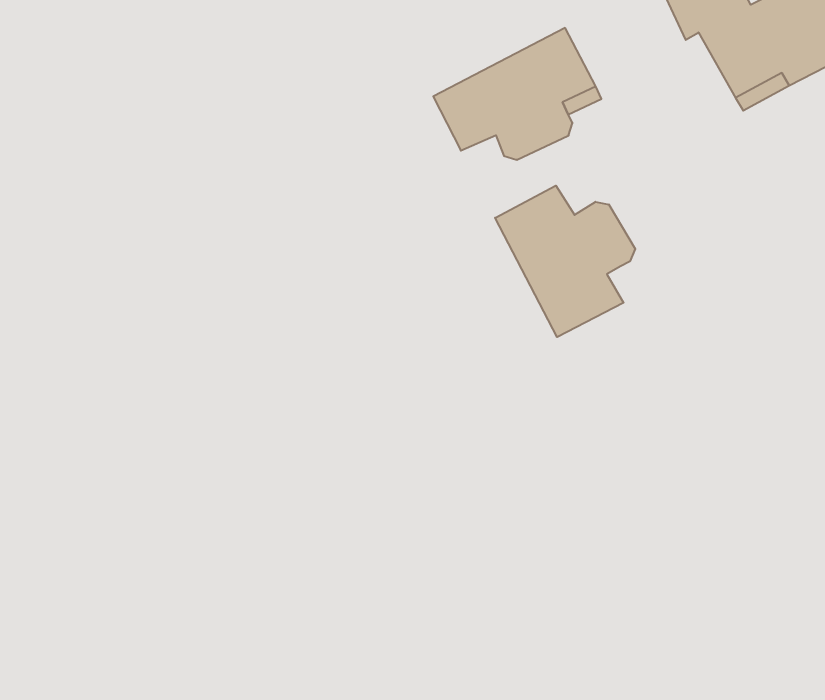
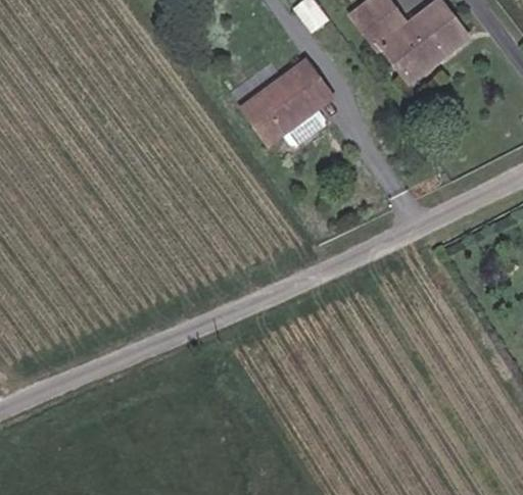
building: [495,186,635,337] -> none

